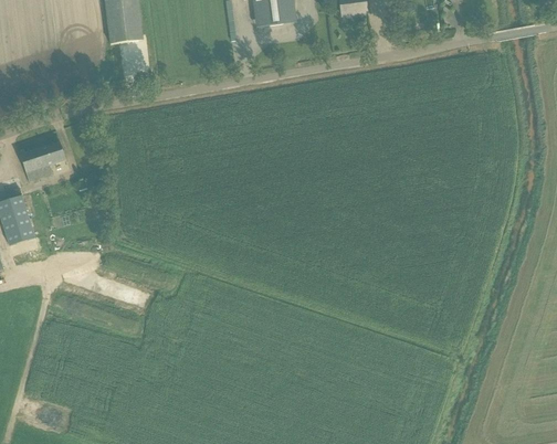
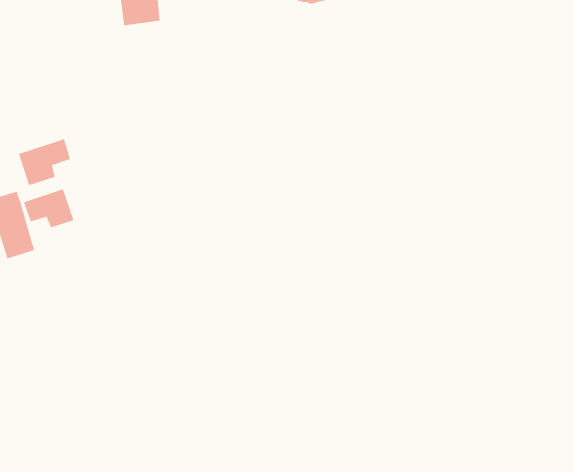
building: none -> [23,188,74,228]

